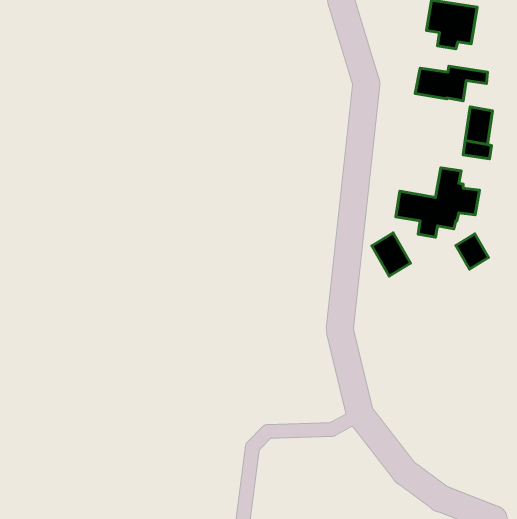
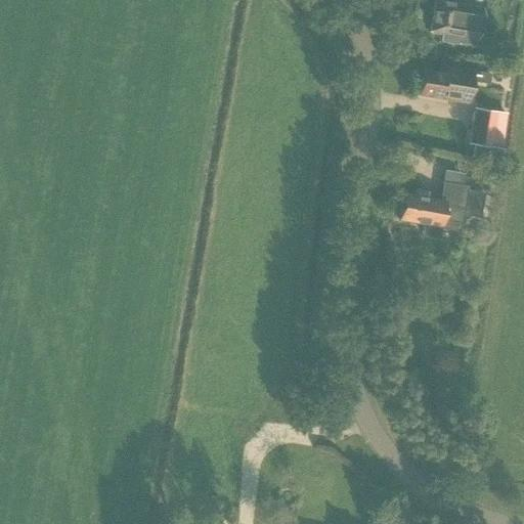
building: [372,233,410,276] -> none
building: [456,234,488,269] -> none

